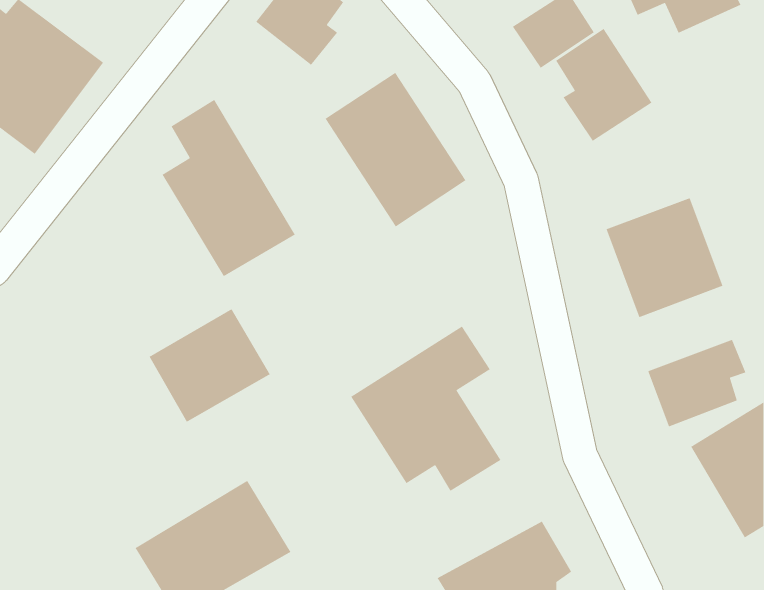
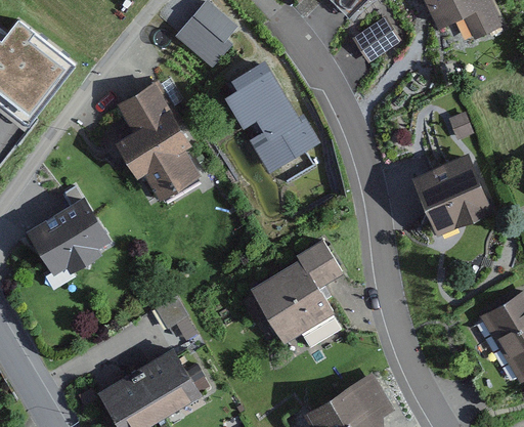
building: [555,28,653,142] -> none
building: [149,308,271,423] -> [26,197,108,274]
building: [647,339,746,427] -> none

